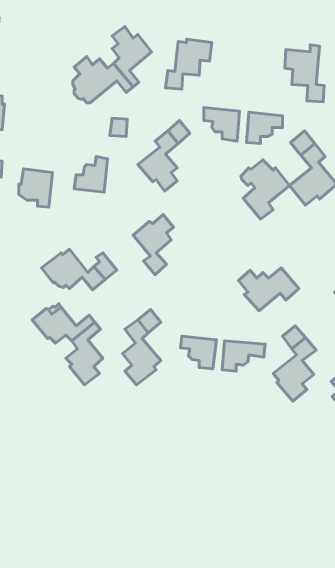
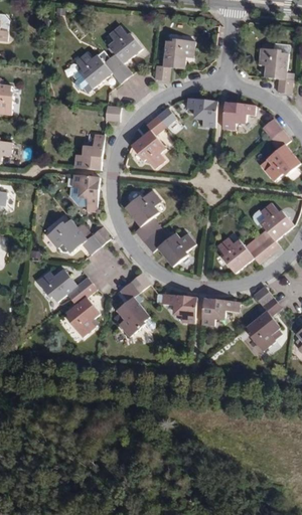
building: [241,160,289,219] -> [252,202,294,253]
building: [19,169,52,207] -> [69,174,99,207]
building: none -> [144,232,196,267]

